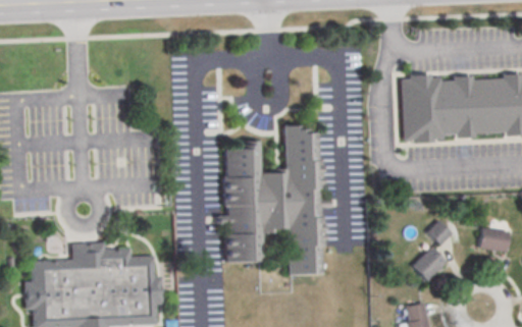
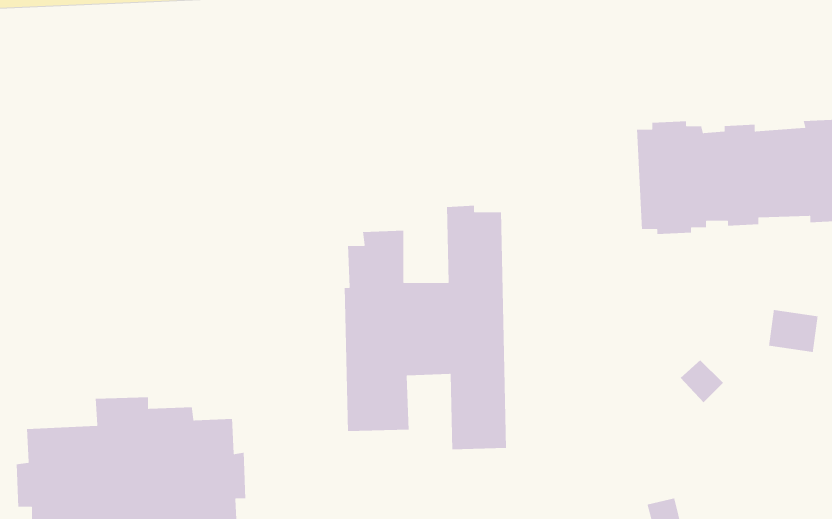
building: [479,227,510,254] -> [768,309,819,353]
building: [413,247,448,281] -> none

